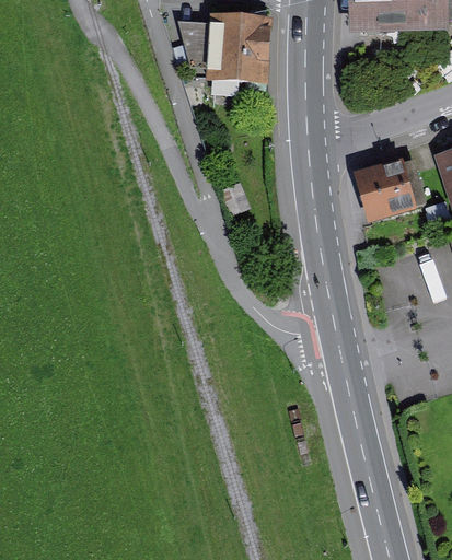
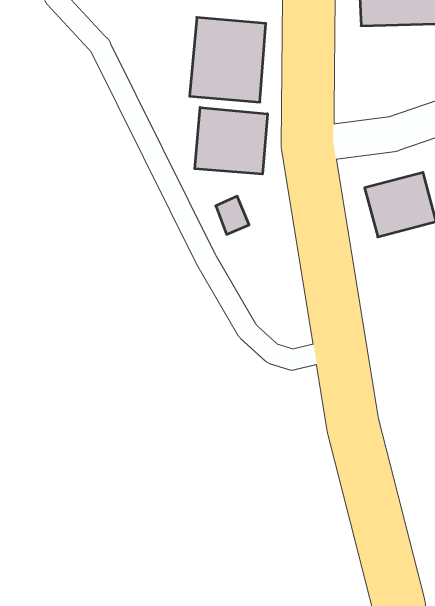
building: none -> [195,107,267,174]

